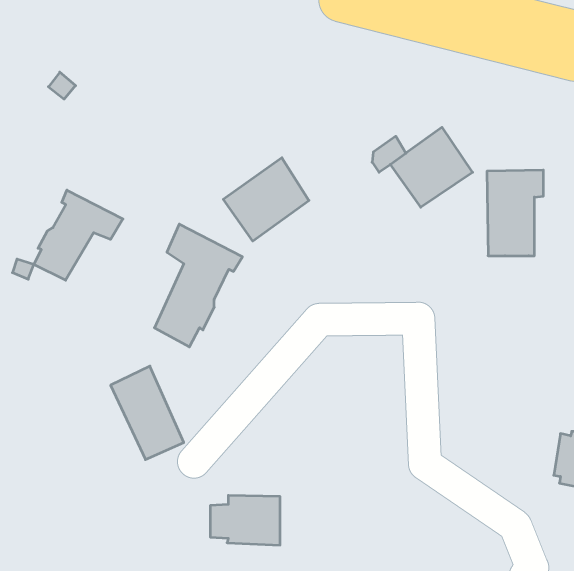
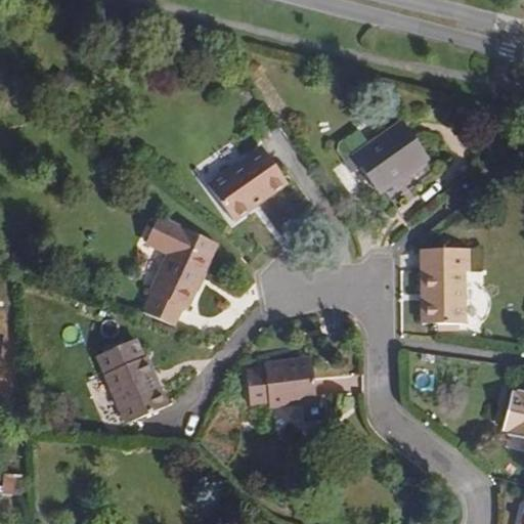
building: [487,170,543,256] -> [416,253,467,331]
building: [34,190,123,280] -> none
building: [210,495,280,545] -> [253,370,316,416]

